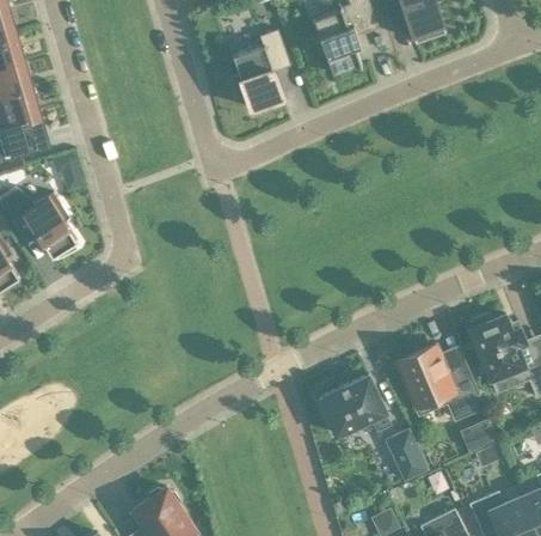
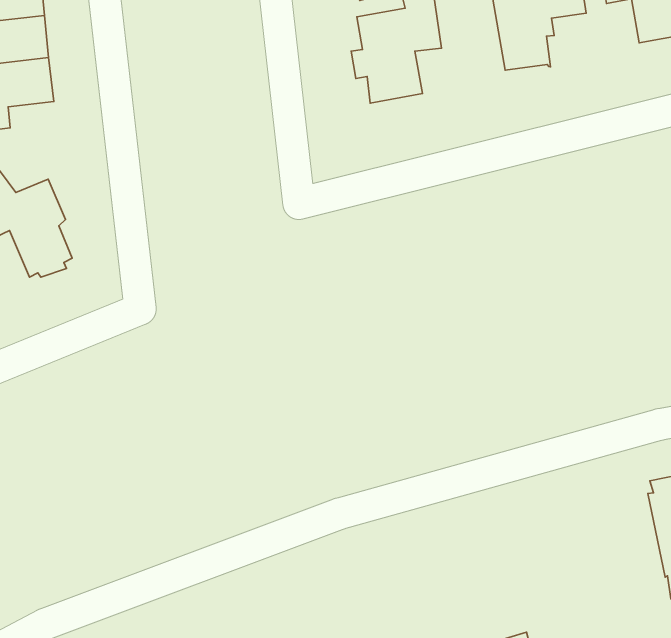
building: [396,343,482,418] -> none
building: [319,373,391,434] -> none

